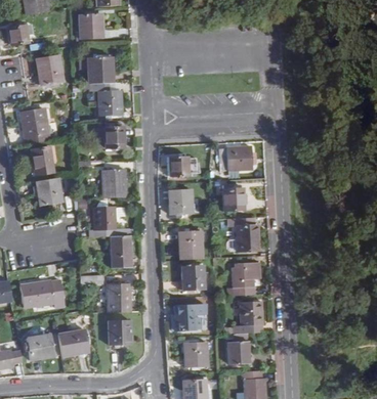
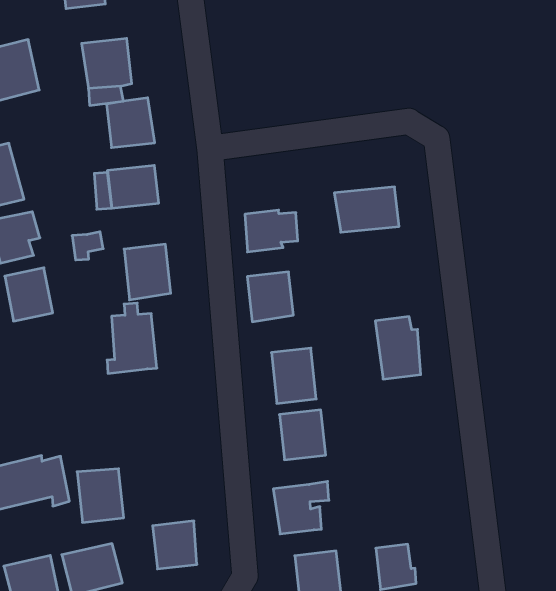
building: [222,187,244,211] -> none
building: [111,236,131,268] -> none
building: [226,262,260,296] -> none
building: [107,284,130,312] -> [77,469,124,522]
building: [233,301,261,334] -> none

